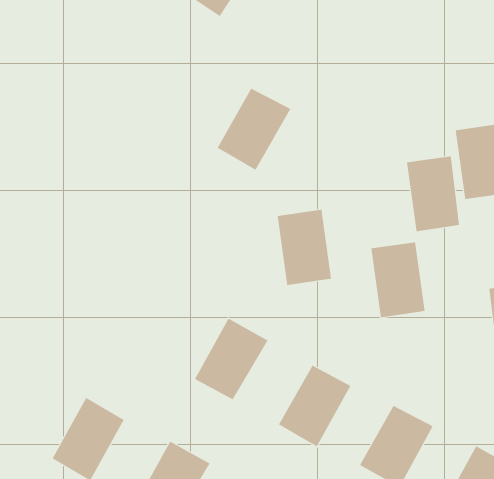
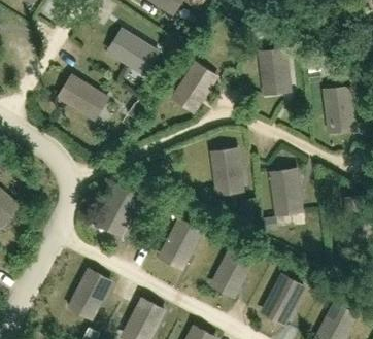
building: none -> [105,36,159,84]
building: none -> [58,80,110,129]
building: [406,156,460,232] -> [258,55,292,103]
building: none -> [95,183,142,237]

